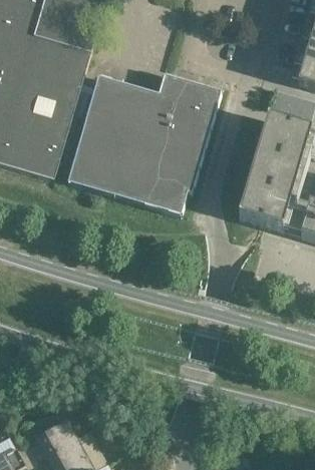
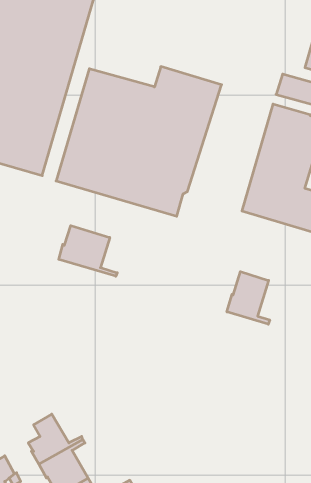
building: none -> [59,226,117,276]
building: none -> [227,272,270,324]

